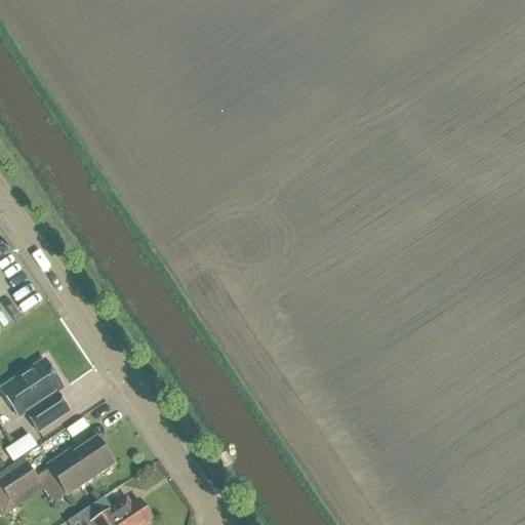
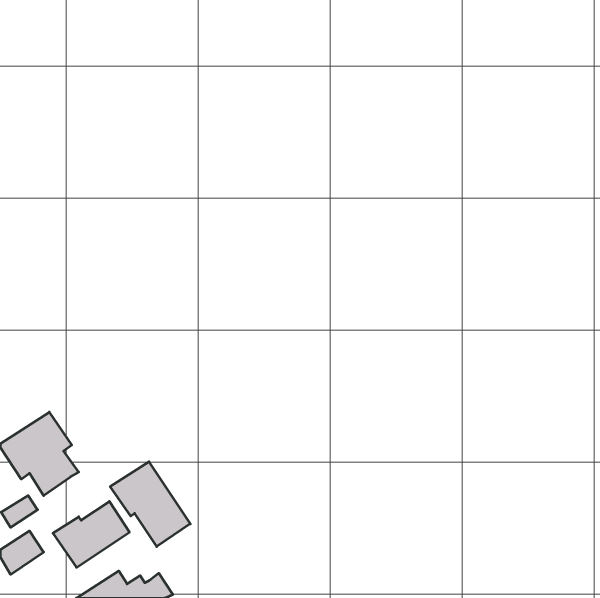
building: none -> [110,462,190,547]

